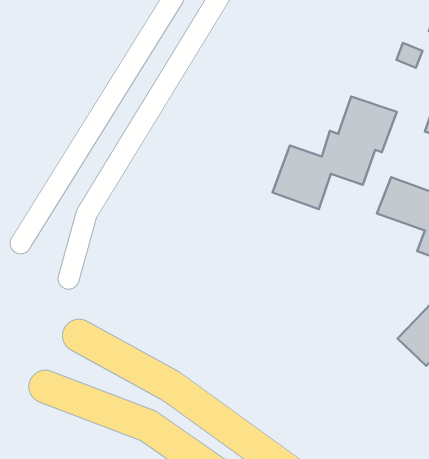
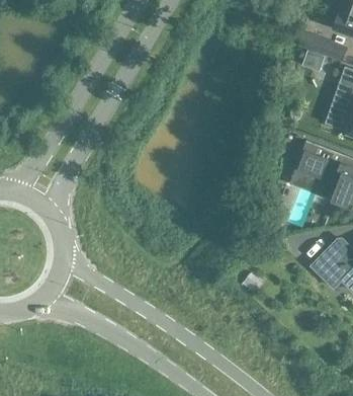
building: [273,97,397,209] -> none

